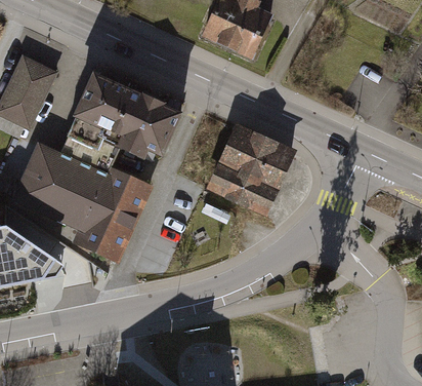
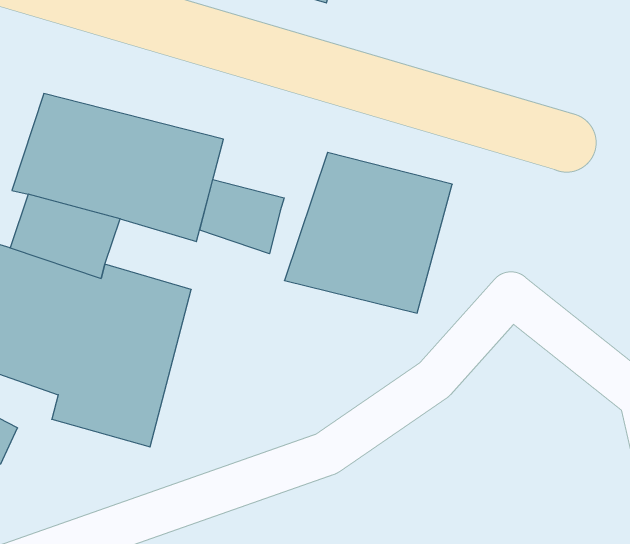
building: none -> [200,180,284,254]

